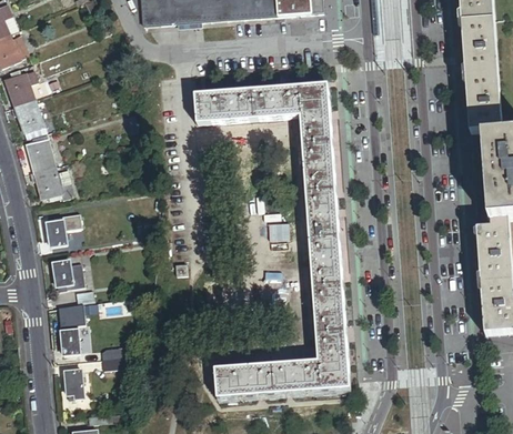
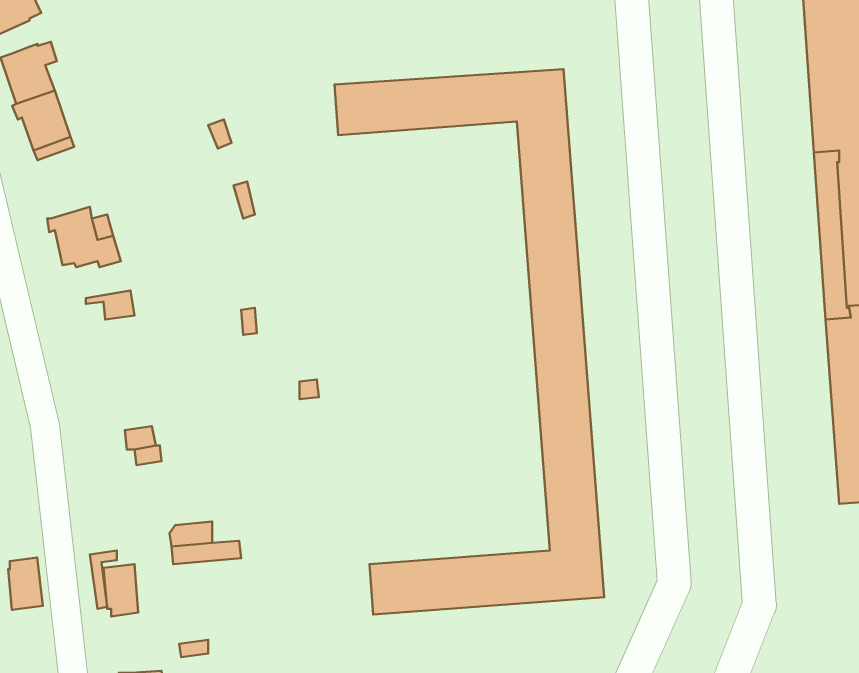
building: [24,138,54,171] -> none
building: [44,216,66,245] -> none
building: [50,259,83,290] -> none
building: [59,324,79,354] -> [8,557,43,610]

